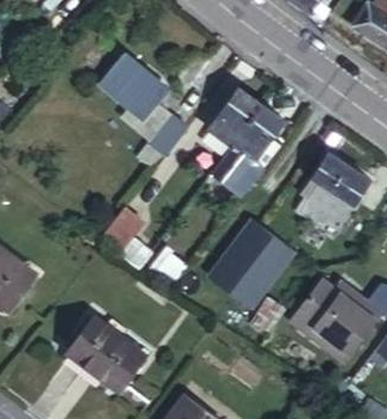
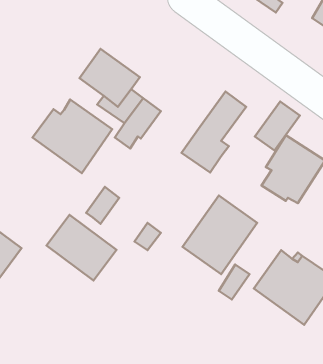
building: [211,89,260,142] -> [255,101,300,151]
building: none -> [33,100,112,173]
building: [67,316,144,388] -> [46,215,117,281]

